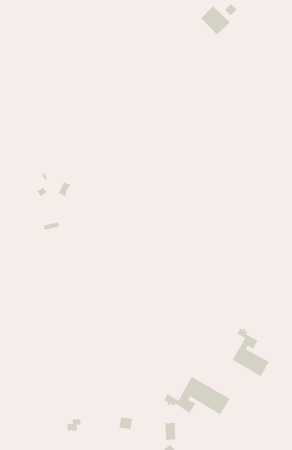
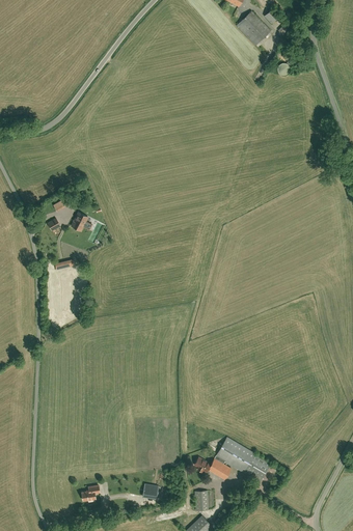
building: [232,327,269,377] -> none

